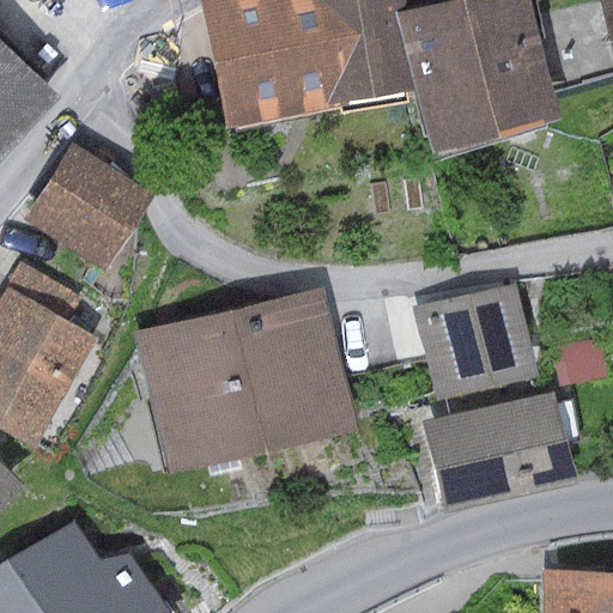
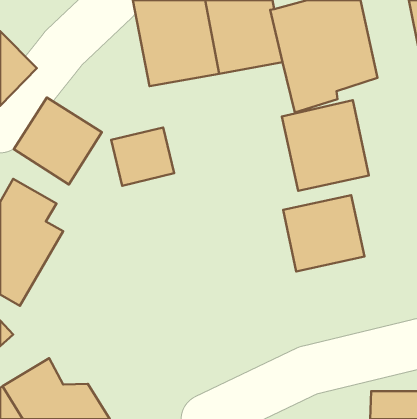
building: none -> [282,100,369,191]
building: none -> [111,127,174,186]
building: [133,287,354,474] -> none
building: [424,394,572,504] -> none

